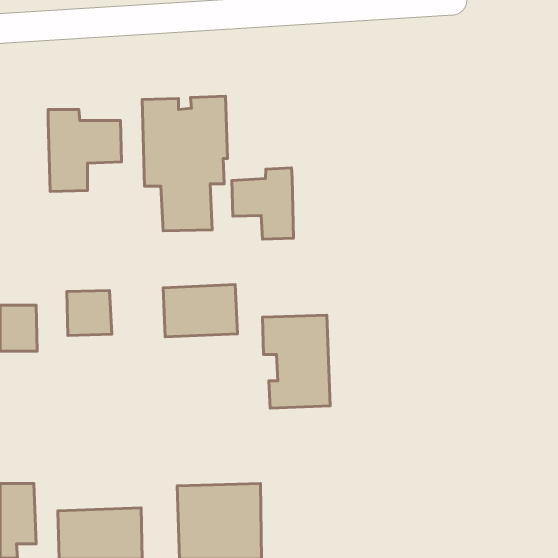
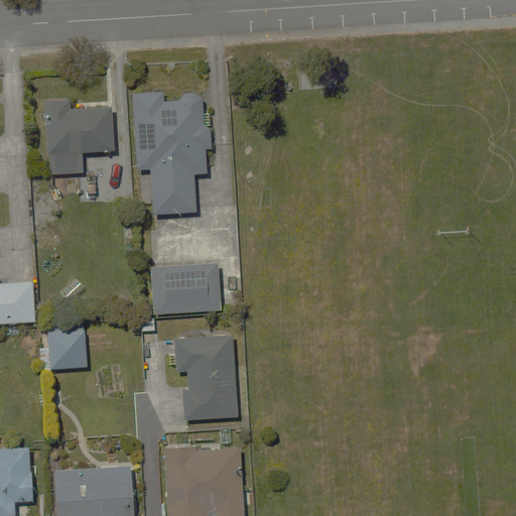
building: [232,168,294,239] -> none
building: [67,290,112,335] -> [46,331,88,372]
building: [262,315,330,408] -> [174,334,237,419]

